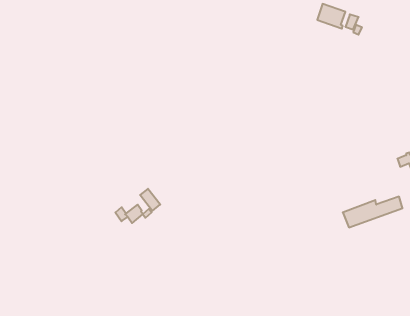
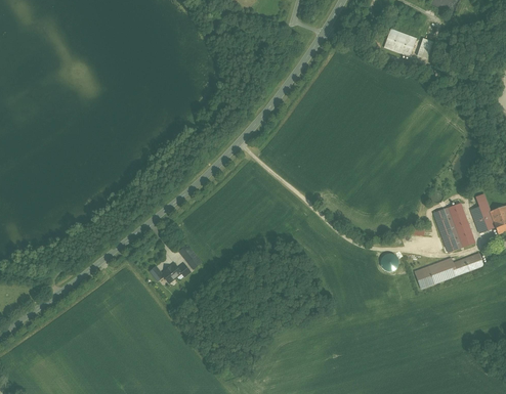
building: none -> [433,202,475,252]

